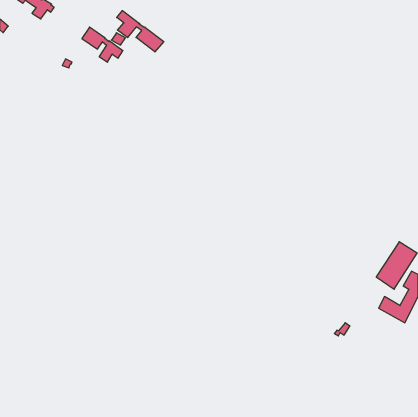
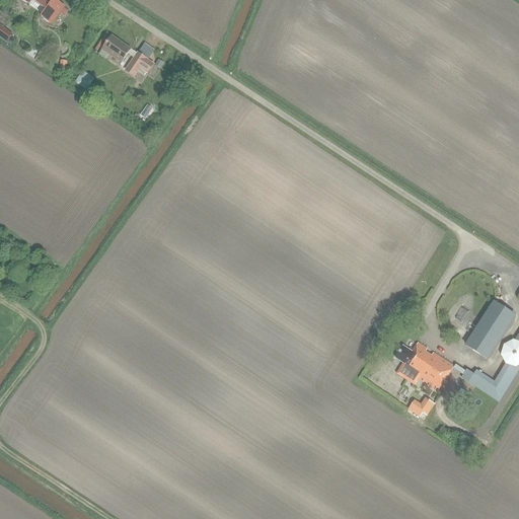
building: [117,11,164,52] -> none
building: none -> [395,342,454,391]

